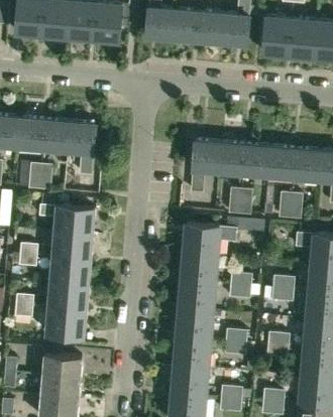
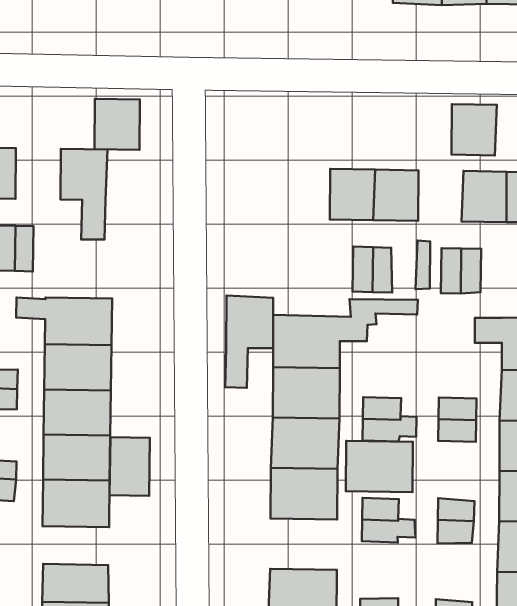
building: [42,121,70,151] -> [95,99,140,150]
building: [190,141,220,193] -> [225,295,273,388]
building: [267,148,295,178] -> [452,104,497,155]
building: none -> [109,437,150,496]
building: [172,337,211,369] -> [346,441,413,492]

